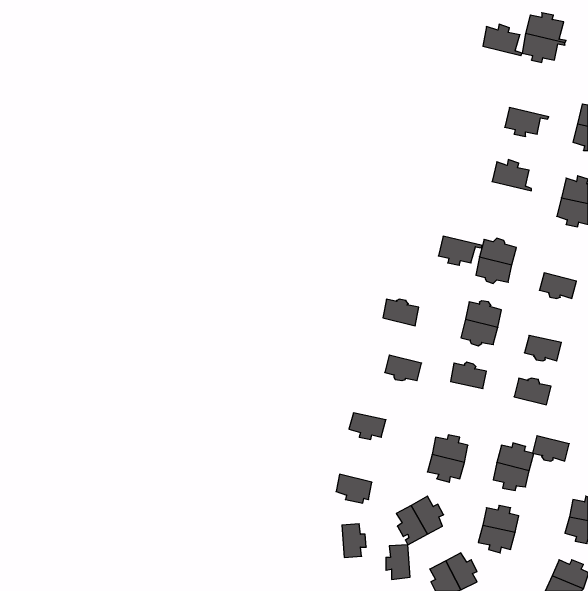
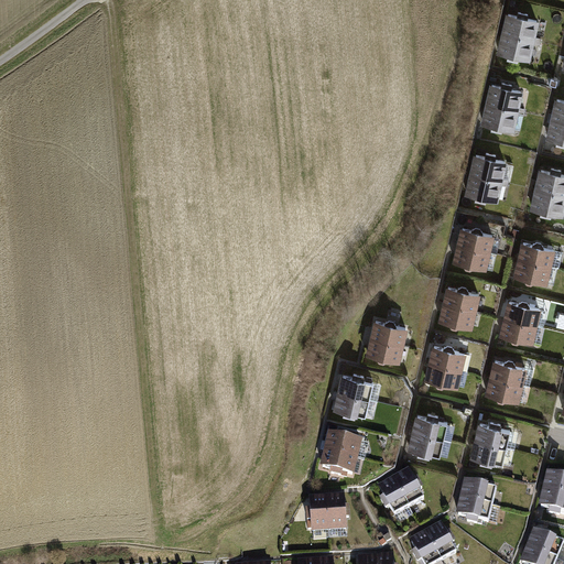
building: [483,24,522,56] -> [486,82,523,111]
building: [438,236,482,265] -> [465,173,507,200]
building: none -> [518,242,553,268]
building: [383,299,419,326] -> [371,321,405,346]
building: none -> [505,301,540,326]
building: none -> [425,364,460,388]
building: none -> [337,373,371,400]
building: [532,436,569,461] -> [486,378,521,402]
building: none -> [324,433,359,459]
building: [386,545,410,579] -> [305,500,328,533]

